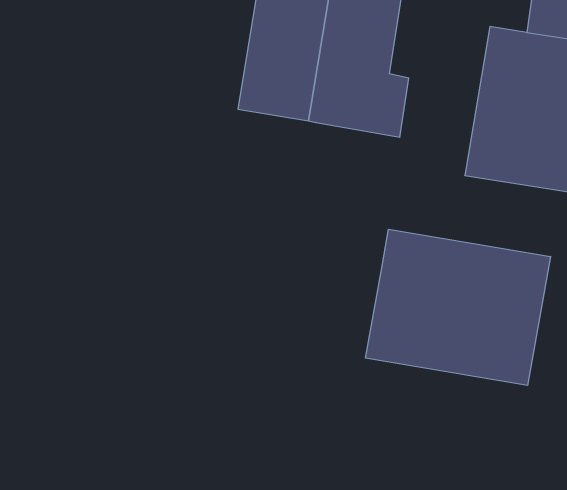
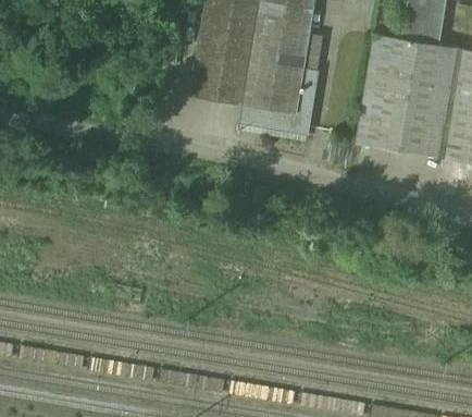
building: none -> [245,105,310,134]
building: [366,229,551,385] -> none

